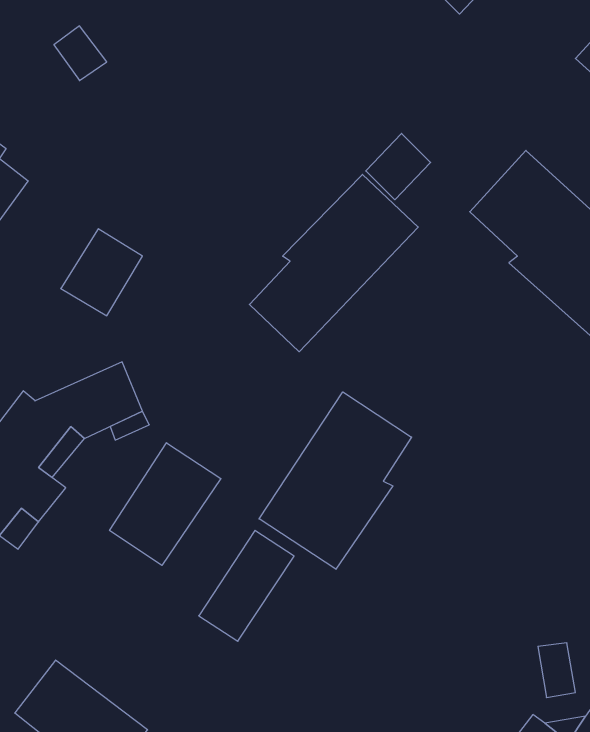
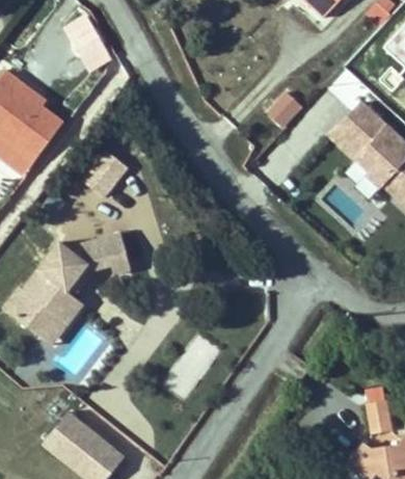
building: [249,174,418,352] -> none
building: [259,392,412,569] -> none
building: [110,443,221,565] -> none

